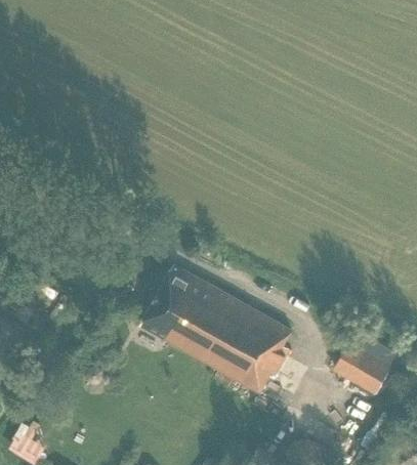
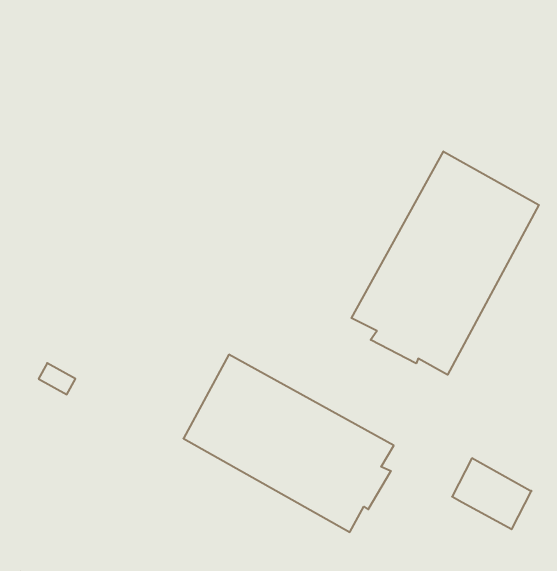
building: none -> [351,151,539,375]

